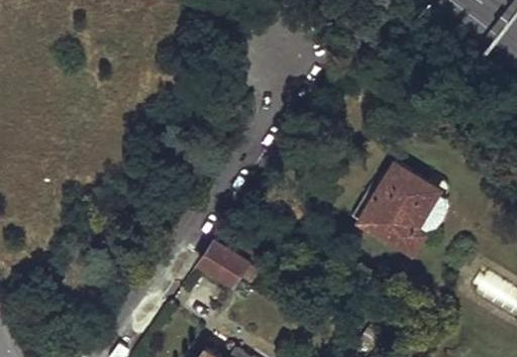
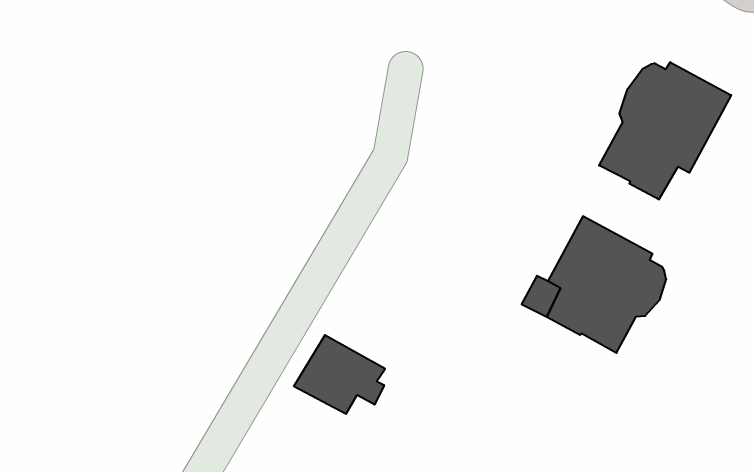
building: none -> [599,62,731,200]

